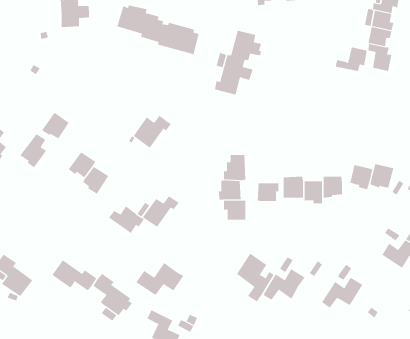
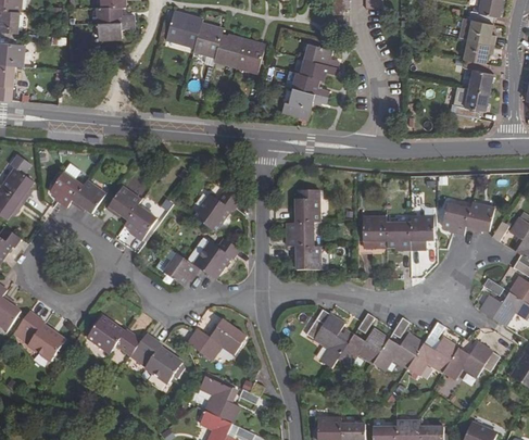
building: [335,47,368,71] -> [449,88,488,117]
building: [41,112,70,139] -> [71,180,104,213]
building: [133,115,172,149] -> [193,191,240,231]
building: [257,182,279,202] -> none
building: none -> [373,332,424,370]
building: none -> [442,342,500,379]

